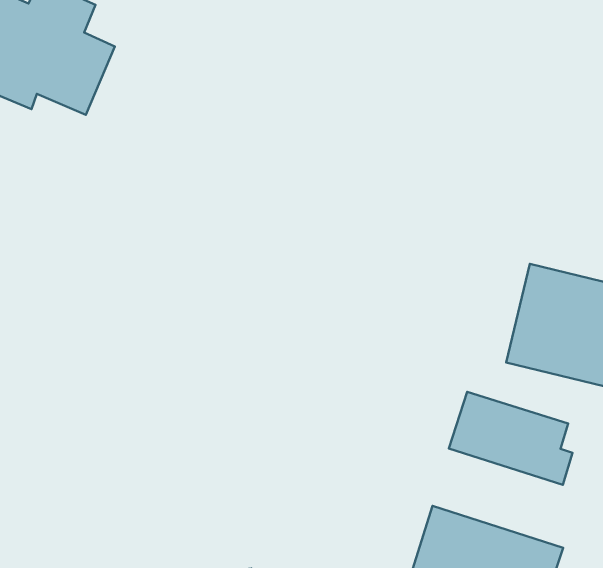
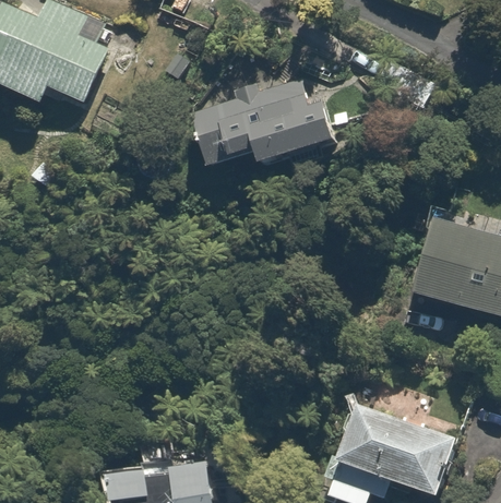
building: none -> [189,80,335,175]
building: [449,392,572,485] -> none

